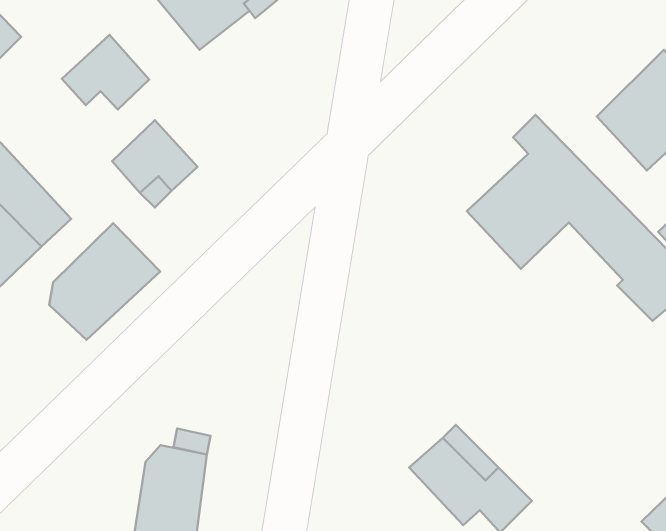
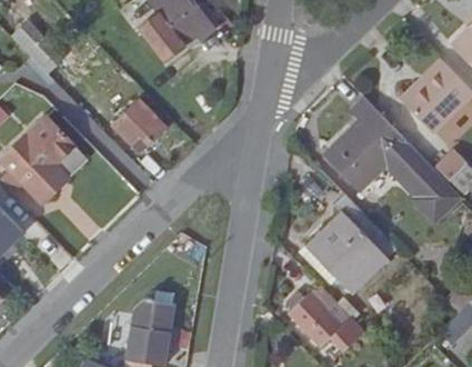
building: [62,35,149,109] -> none
building: [49,223,160,340] -> none
building: none -> [311,197,392,295]

